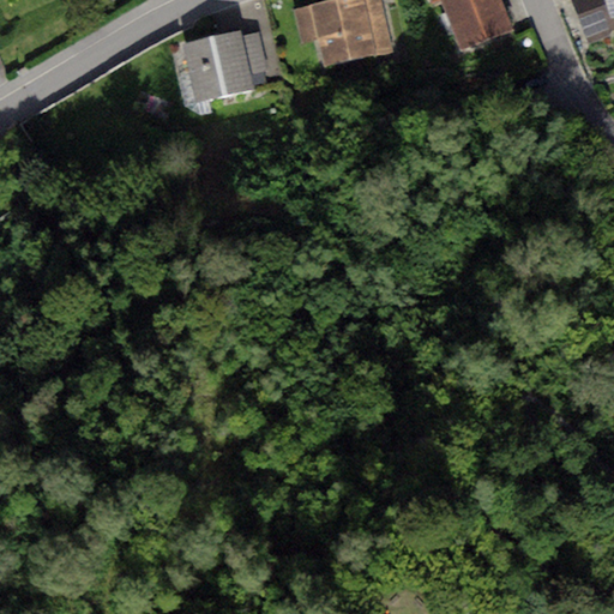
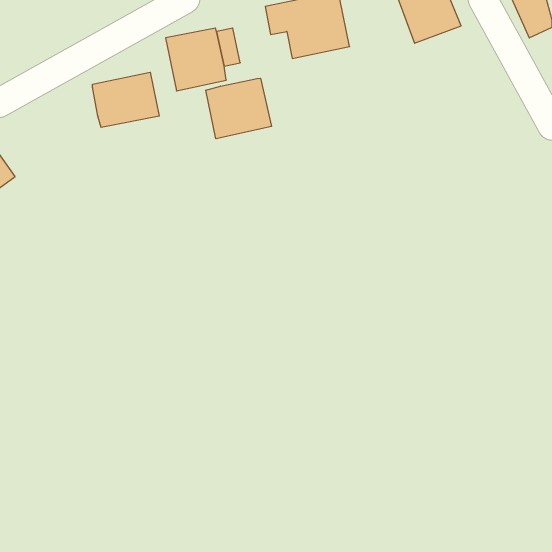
building: none -> [93,72,159,127]
building: none -> [206,78,272,139]

